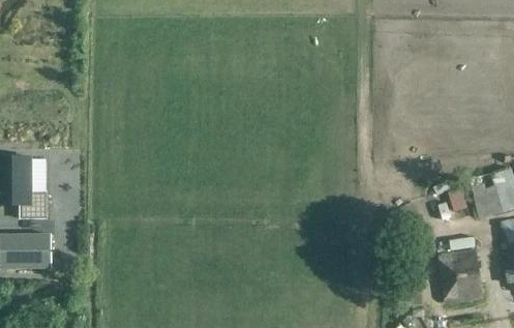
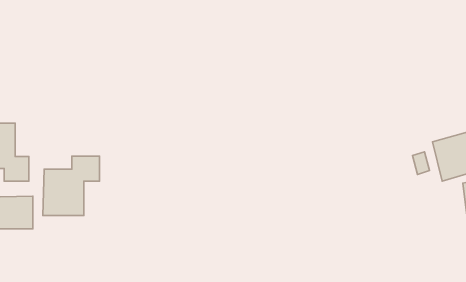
building: none -> [43,156,100,216]
building: [437,249,482,300] -> none

